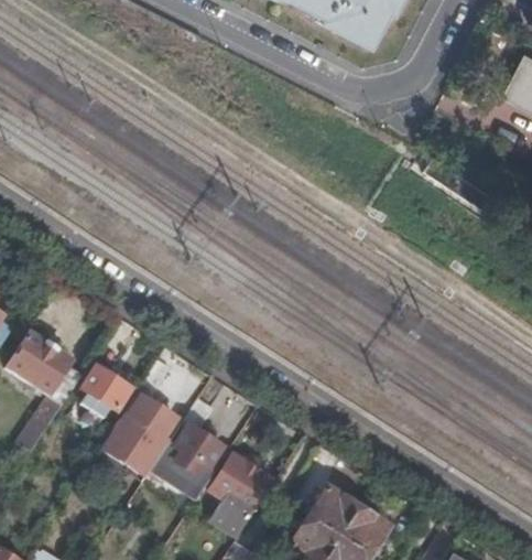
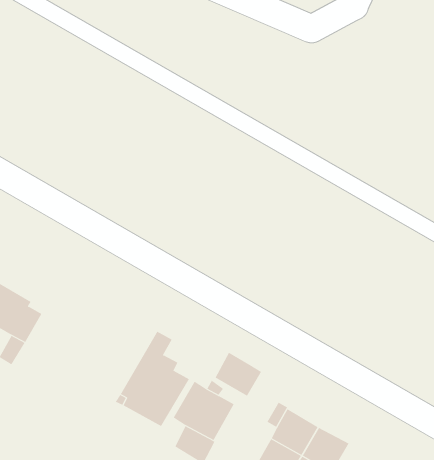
building: [107,360,176,461] -> none
building: [80,366,130,417] -> none
building: none -> [215,352,262,396]

